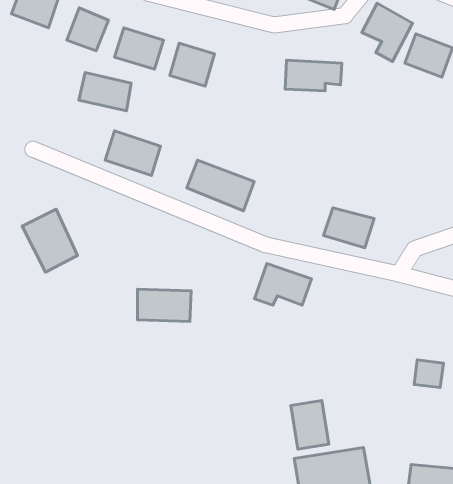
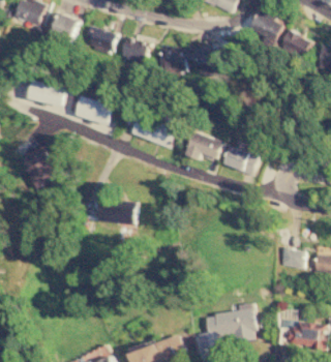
building: none -> [159,46,186,76]
building: [79,72,131,111] -> [31,81,66,107]
building: [255,264,311,305] -> [185,131,223,159]
building: [291,400,329,449] -> none

